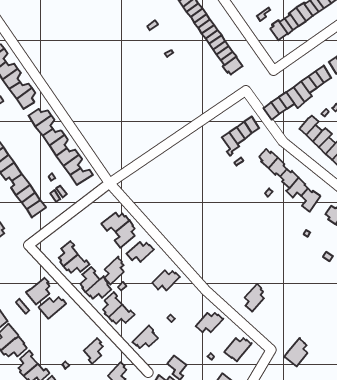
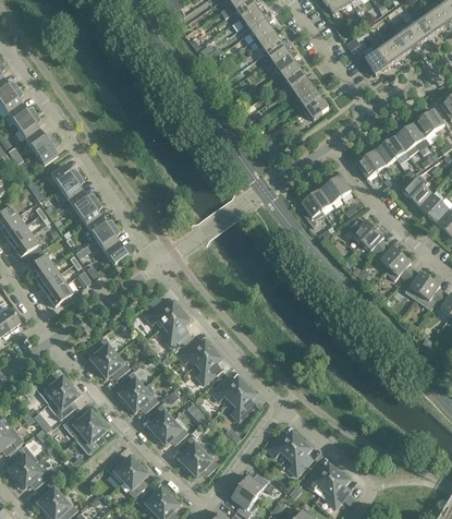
building: none -> [415,277,443,309]
building: [105,257,124,285] -> [195,347,220,383]
building: none -> [36,375,70,399]
building: none -> [229,383,255,419]
building: [245,284,264,312] -> [286,437,311,473]
building: none -> [75,418,105,452]
building: none -> [176,434,206,468]
building: none -> [105,455,138,485]
building: [284,338,307,366] -> [319,469,350,506]
building: none -> [239,472,276,497]
building: none -> [135,486,169,511]

